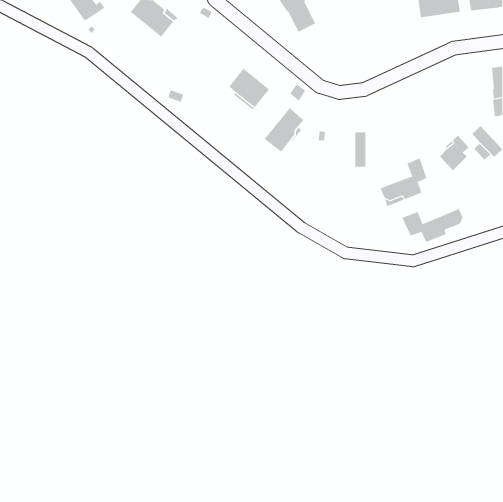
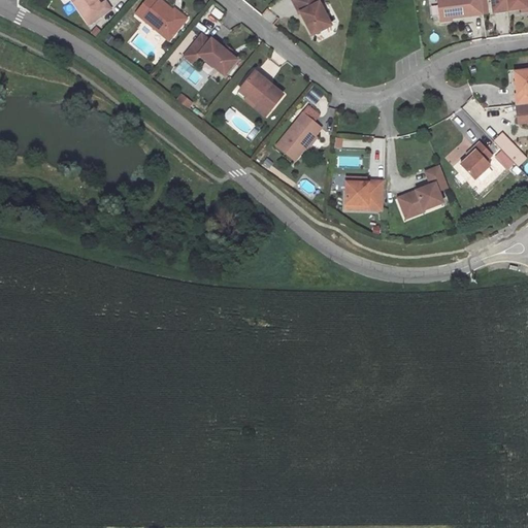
building: none -> [185,34,236,74]
building: none -> [345,179,384,209]
building: [401,208,463,243] -> none

